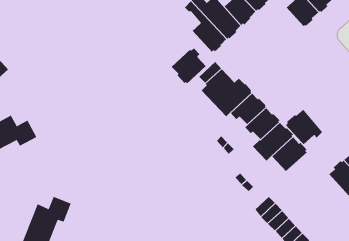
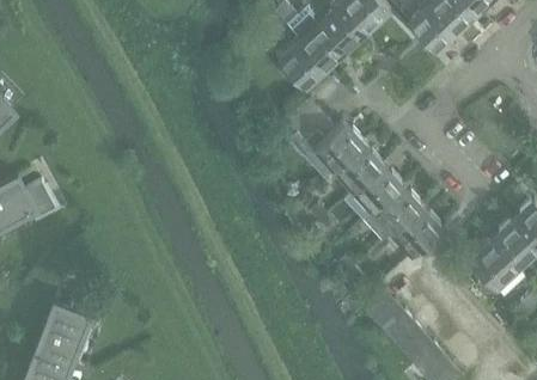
building: [171,48,206,84] -> none
building: [285,109,323,156] -> none

